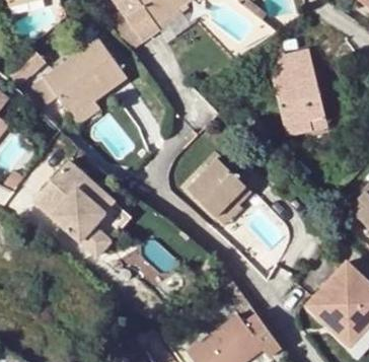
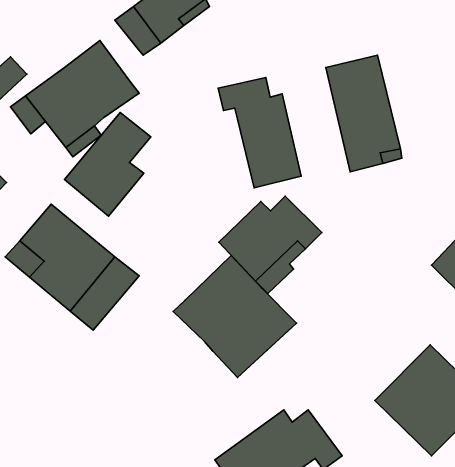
building: none -> [218,78,301,188]
building: none -> [64,112,151,216]
building: none -> [173,255,297,378]

